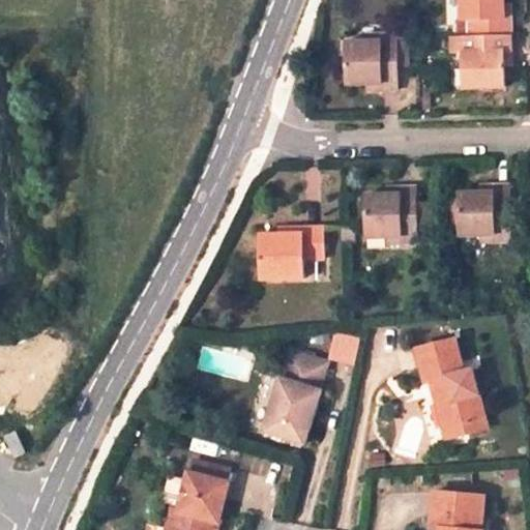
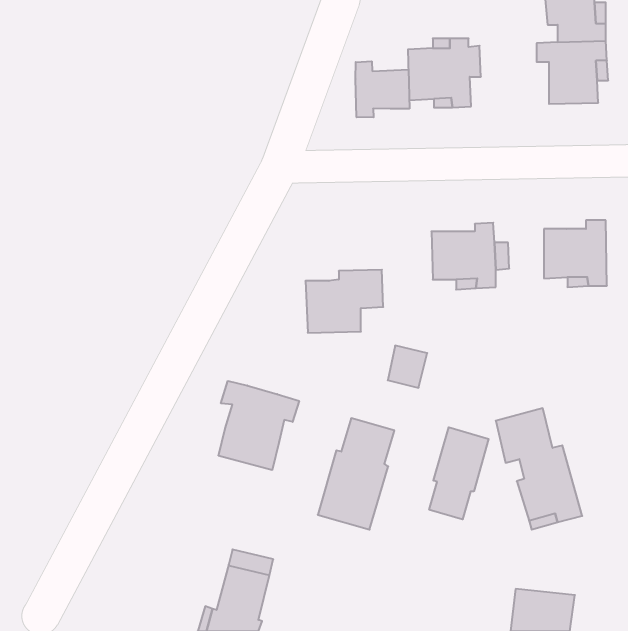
building: none -> [356,61,409,117]
building: none -> [219,381,299,470]
building: [324,328,357,363] -> [388,346,427,388]
building: none -> [429,427,489,519]

